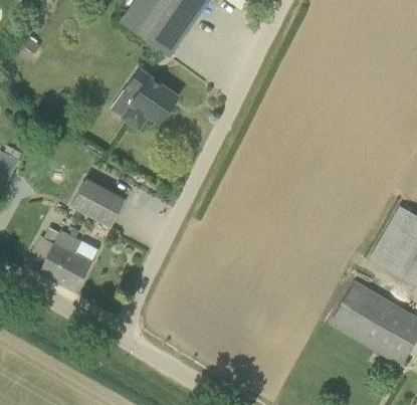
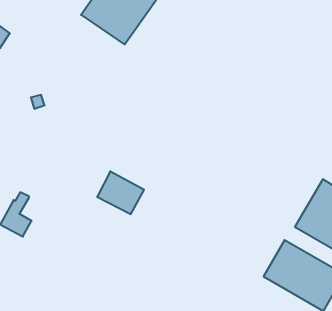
building: [124,68,175,128] -> none
building: [71,177,126,226] -> [97,171,144,214]
building: [48,229,91,290] -> none

